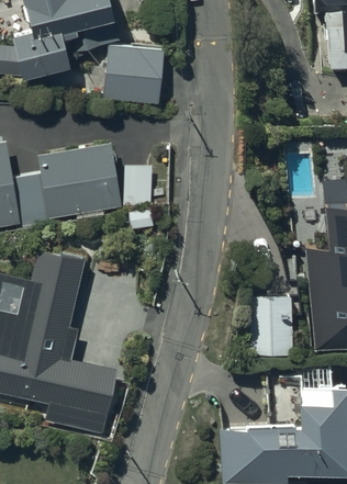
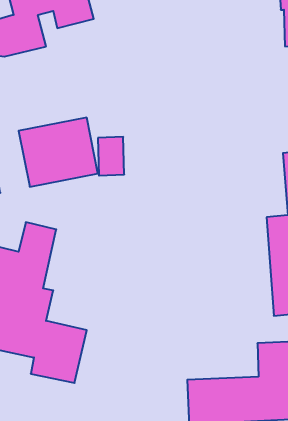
building: [105,47,164,102] -> none
building: [249,296,292,357] -> none

